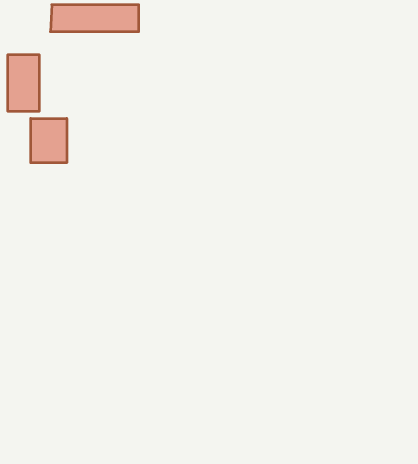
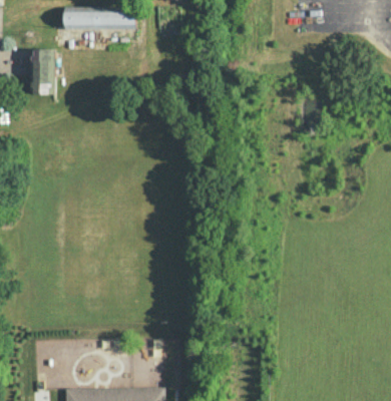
building: [31,118,67,163] -> none

